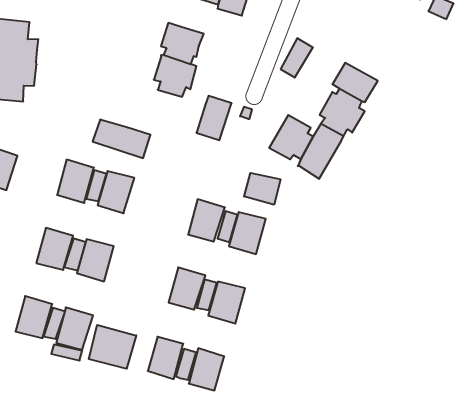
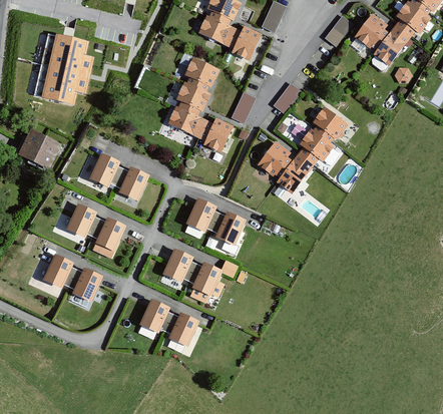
building: none -> [231,92,255,124]
building: [93,120,151,158] -> [167,107,212,141]
building: [244,173,280,205] -> none
building: [89,325,136,369] -> none

